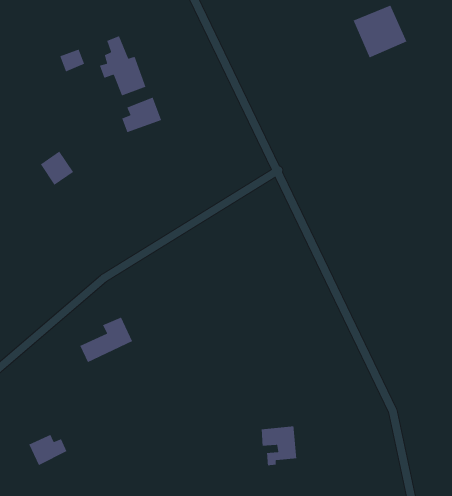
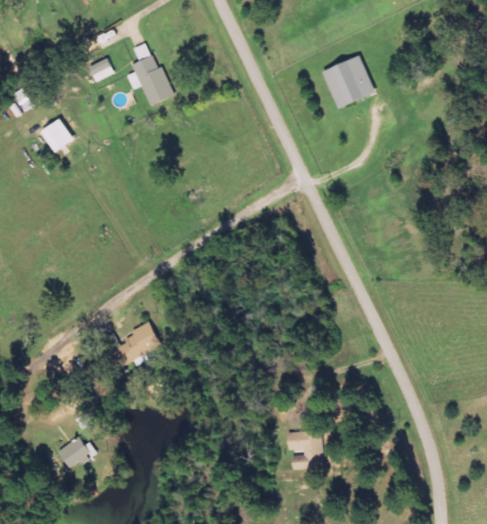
building: [353,5,408,59] -> [321,55,375,108]
building: [121,96,162,133] -> none
building: [40,151,74,186] -> [40,118,74,152]

